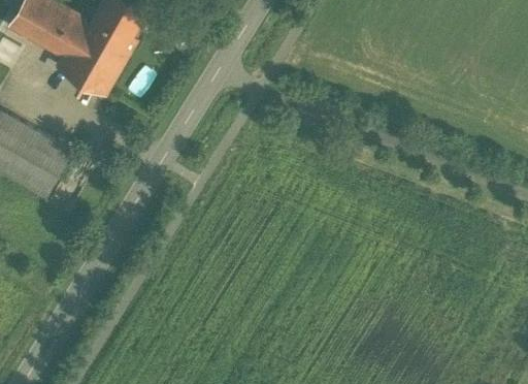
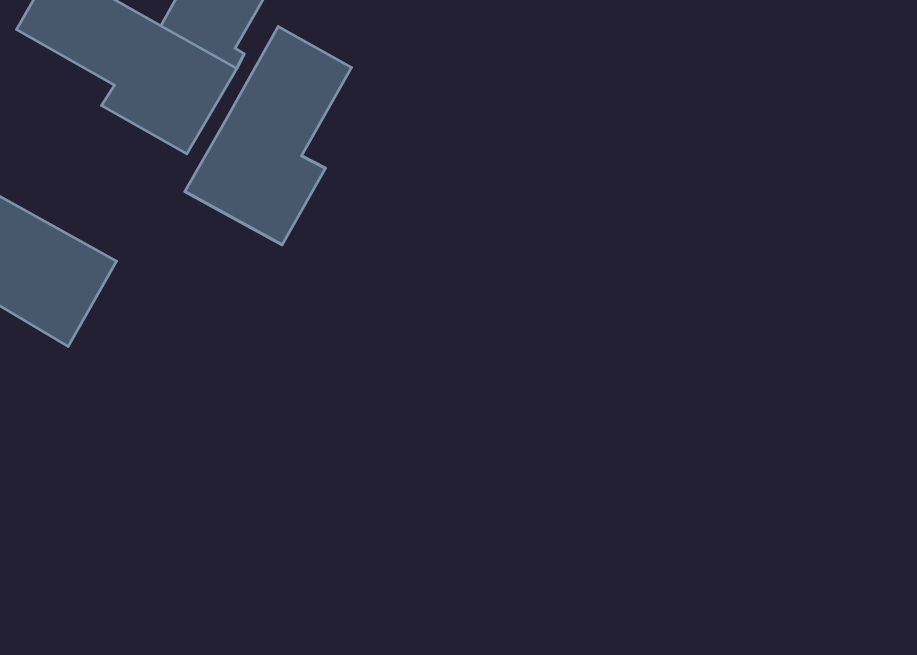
building: none -> [185,26,351,245]

